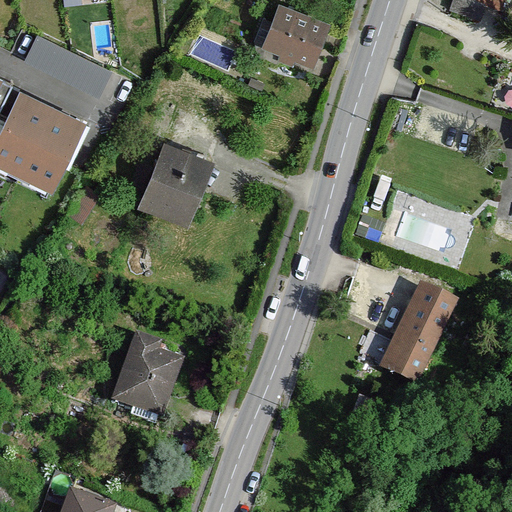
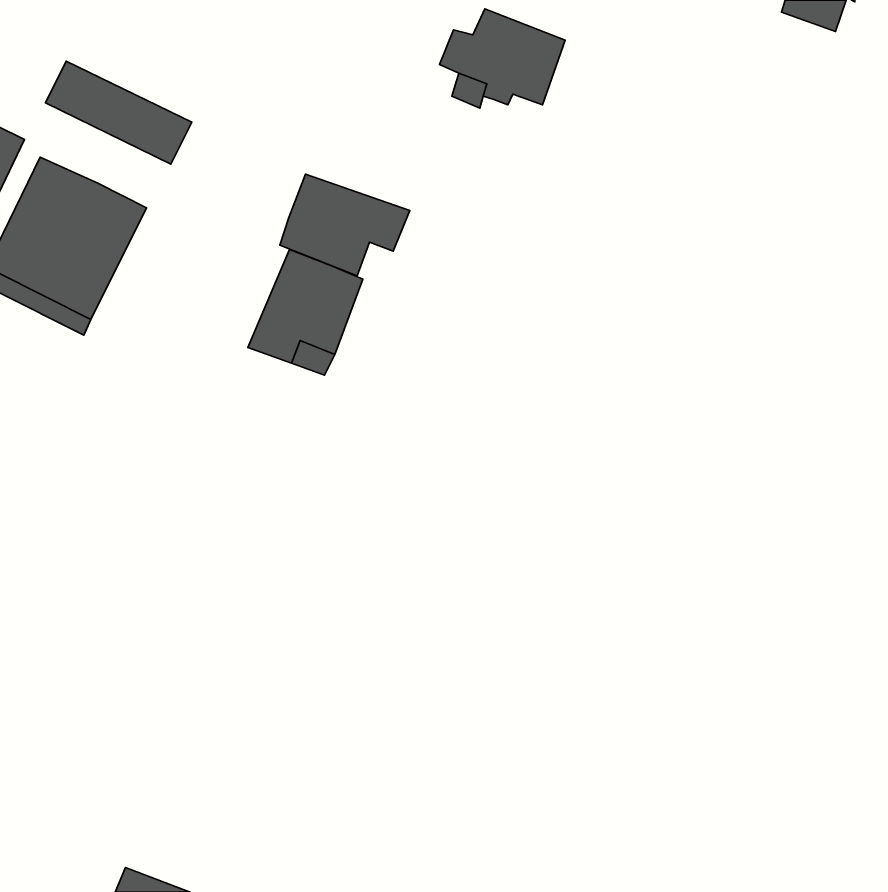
building: none -> [280,174,410,276]
building: [384,288,453,381] -> none
building: [114,340,176,422] -> none

